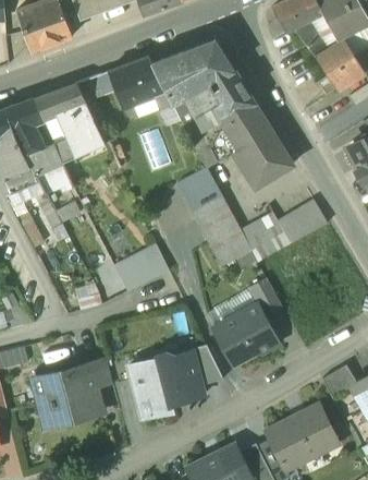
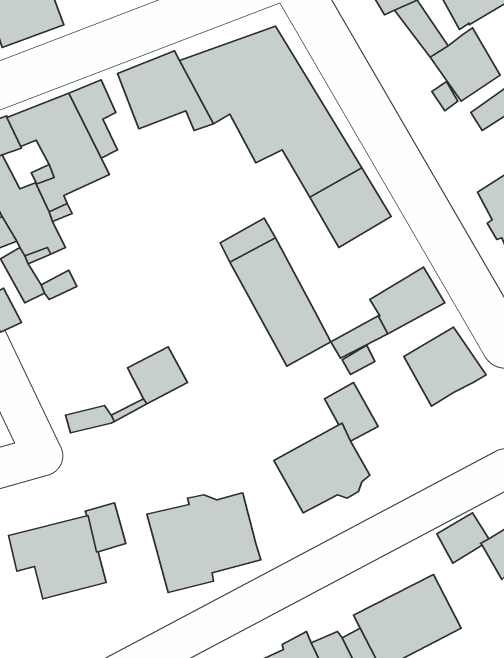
building: [240,212,283,250] -> none
building: none -> [404,327,486,406]
building: [189,345,222,385] -> none

